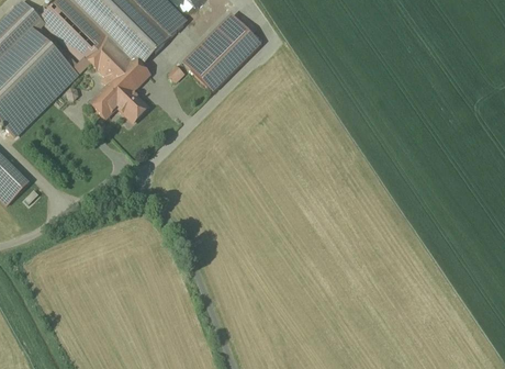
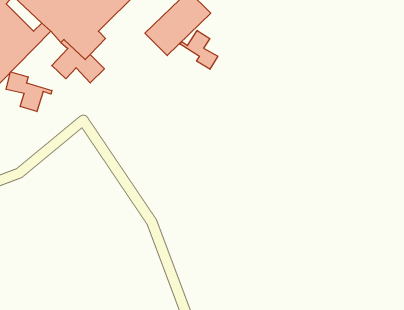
building: none -> [180,30,218,69]
building: none -> [6,72,52,112]

